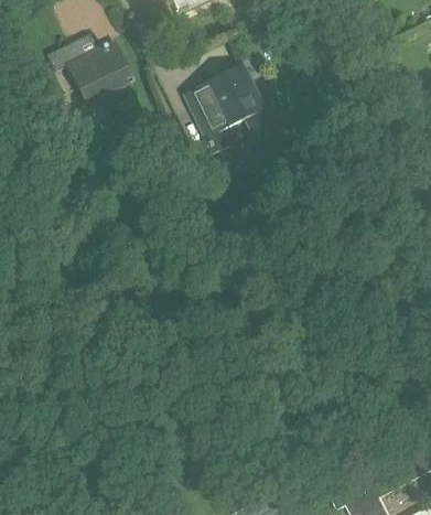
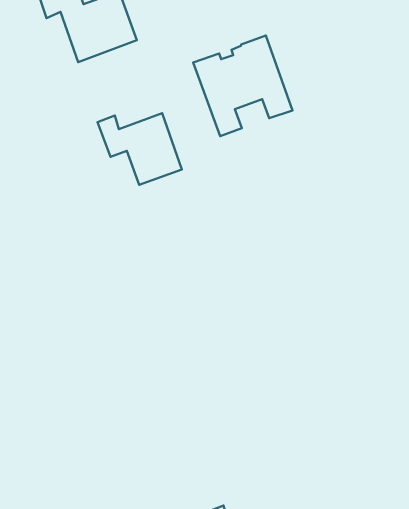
building: none -> [97,113,182,185]

